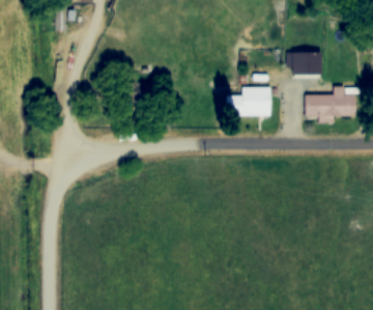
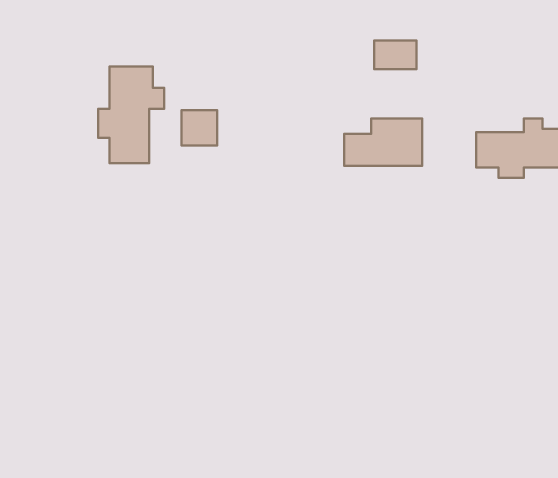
building: none -> [98,66,164,163]
building: [294,60,320,78] -> [374,40,416,69]

